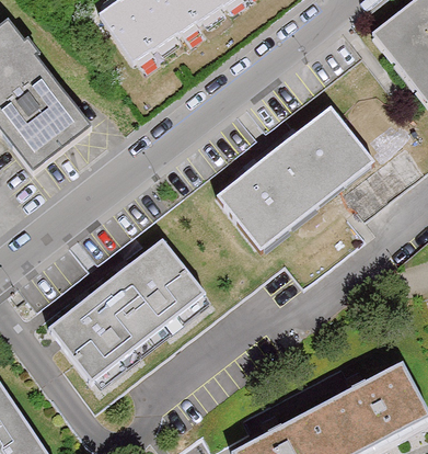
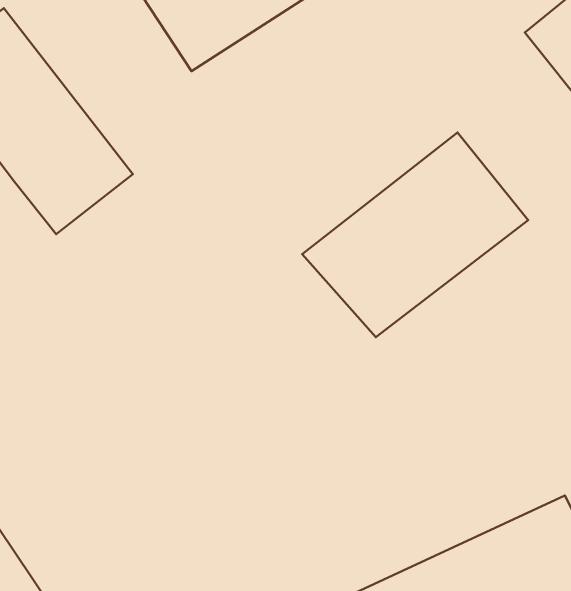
building: [47,239,209,389] -> none

